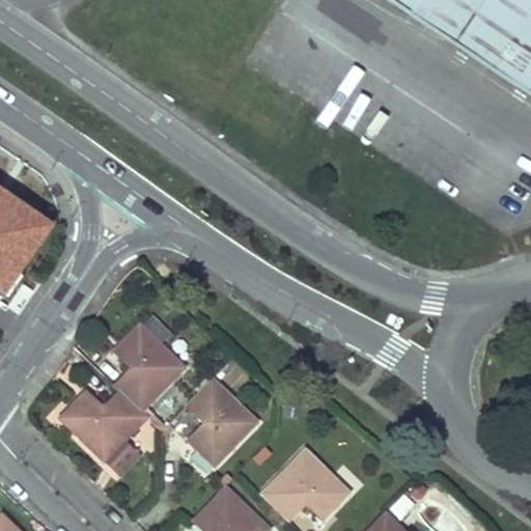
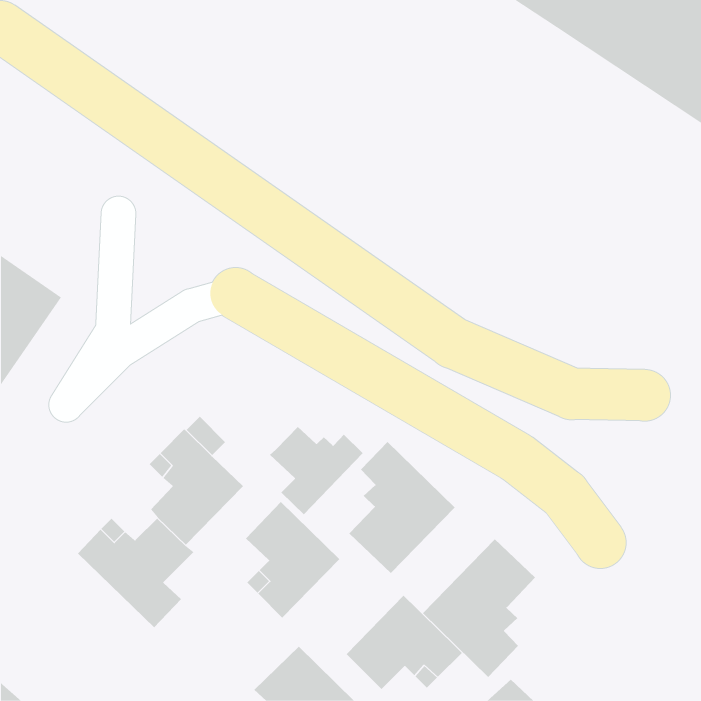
building: none -> [269,426,363,515]
building: none -> [349,441,456,574]
building: none -> [422,539,536,678]

